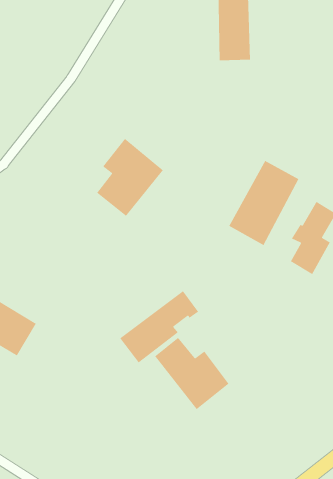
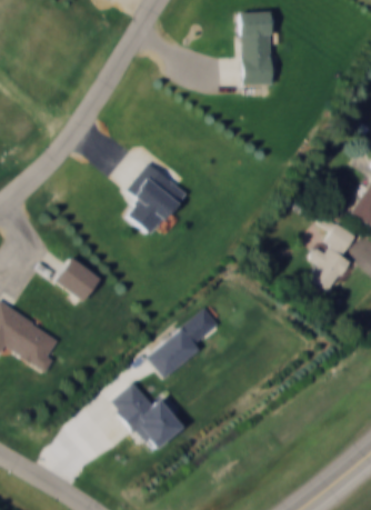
building: [228,160,299,246] -> none
building: none -> [53,256,100,302]
building: [154,337,230,410] -> [109,382,182,453]

